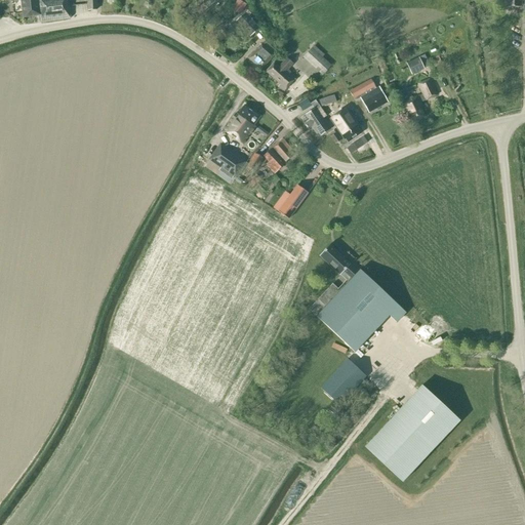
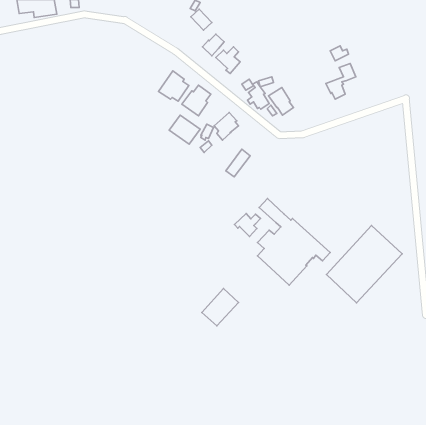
building: [302,44,331,75] -> none
building: [350,79,388,112] -> none
building: none -> [159,71,189,101]
building: none -> [235,214,260,237]
building: [321,358,366,404] -> [202,288,239,326]
building: [366,385,459,480] -> [326,225,402,303]

